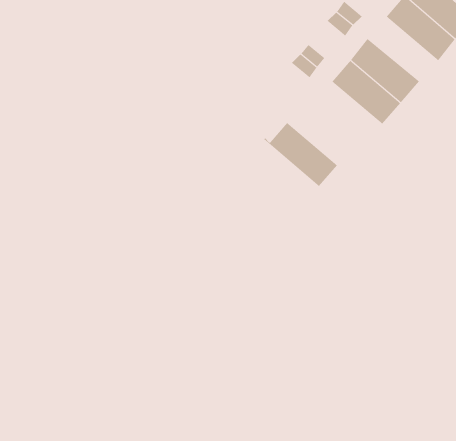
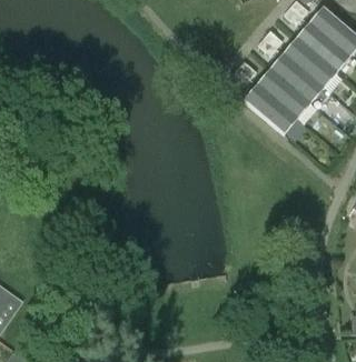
building: none -> [285,39,336,86]
building: [263,122,338,187] -> [243,86,296,132]

